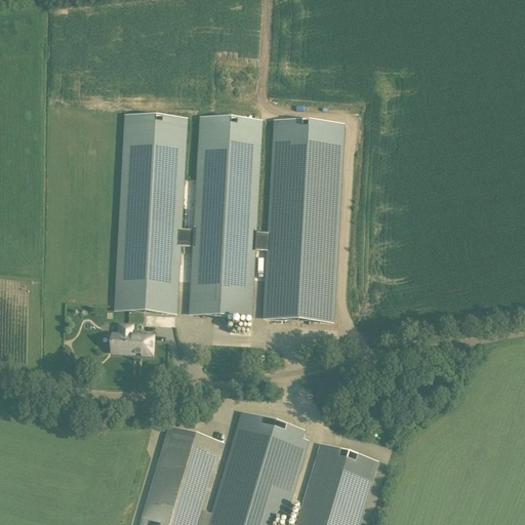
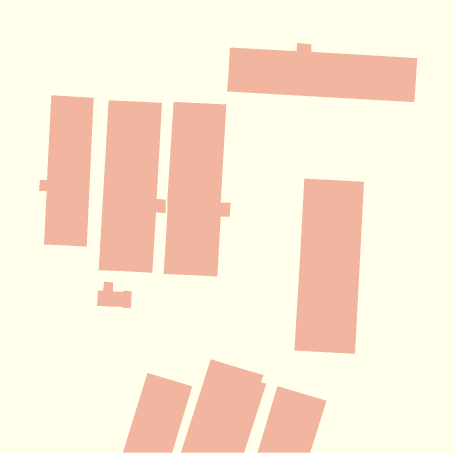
building: none -> [226,42,418,103]
building: none -> [38,94,94,248]
building: [261,120,344,323] -> [294,178,365,354]

